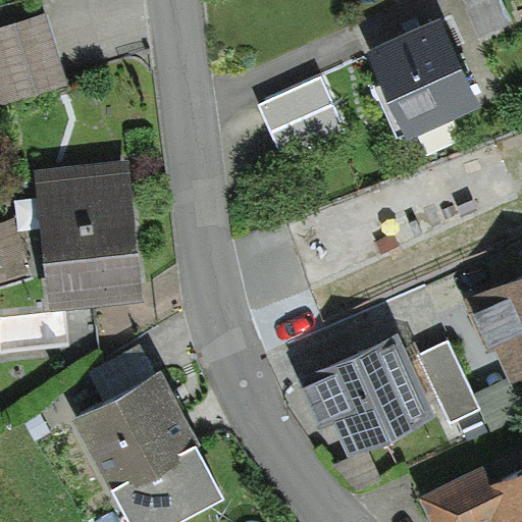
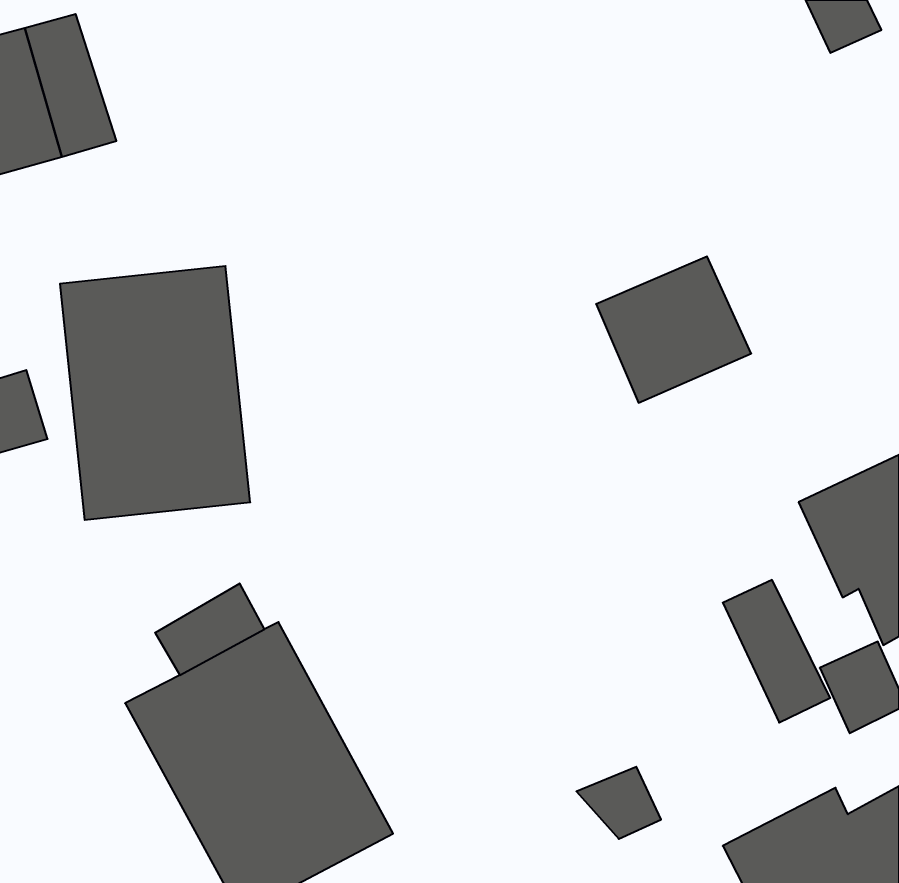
building: [359,16,481,142] -> none
building: [258,81,348,165] -> [596,256,751,403]
building: [296,332,437,458] -> none

